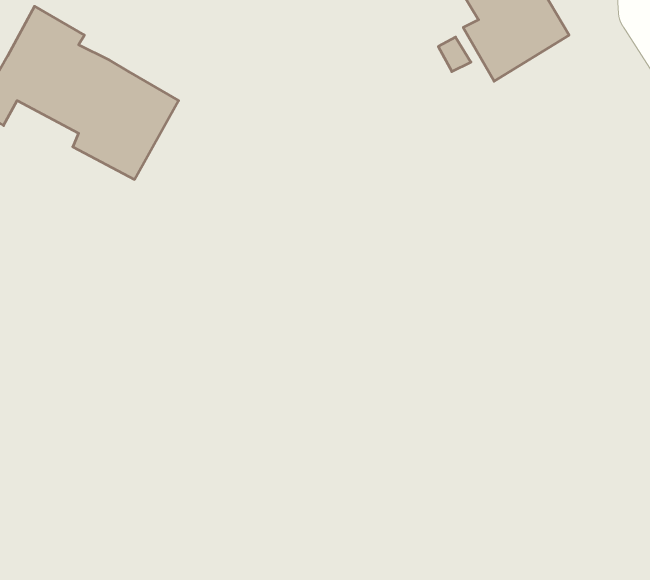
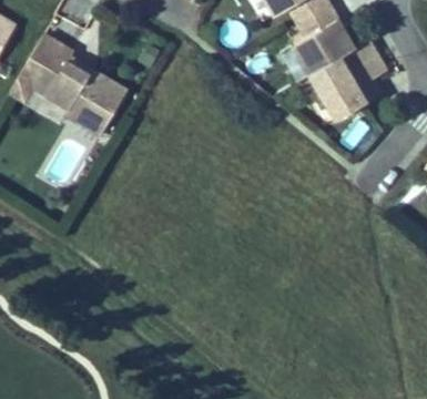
building: none -> [312,41,386,120]

